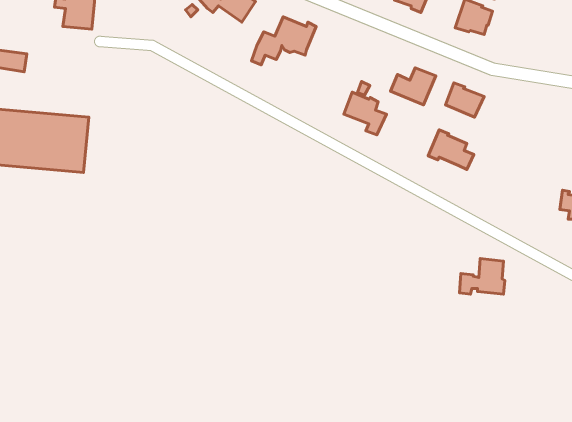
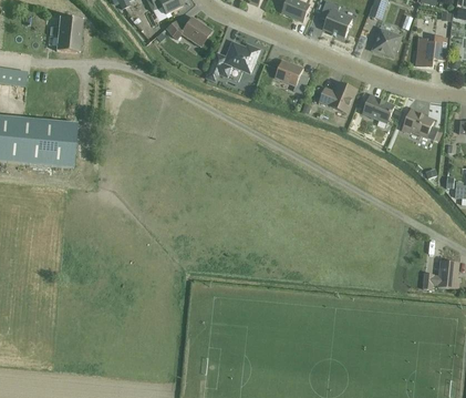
building: none -> [415,35,446,67]
building: [344,92,387,135] -> [275,59,309,93]
building: [428,130,474,170] -> [402,108,438,140]
building: [460,258,505,294] -> [423,259,459,288]

